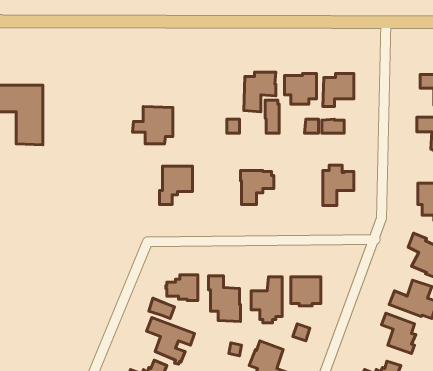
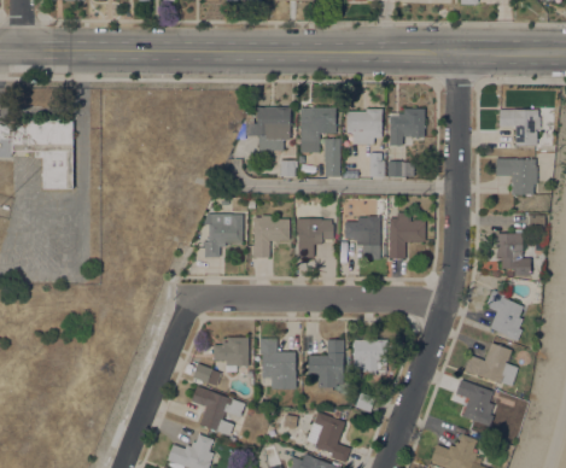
building: [132,107,173,144] -> [245,106,291,148]
building: none -> [253,215,290,257]
building: none -> [345,216,380,259]

